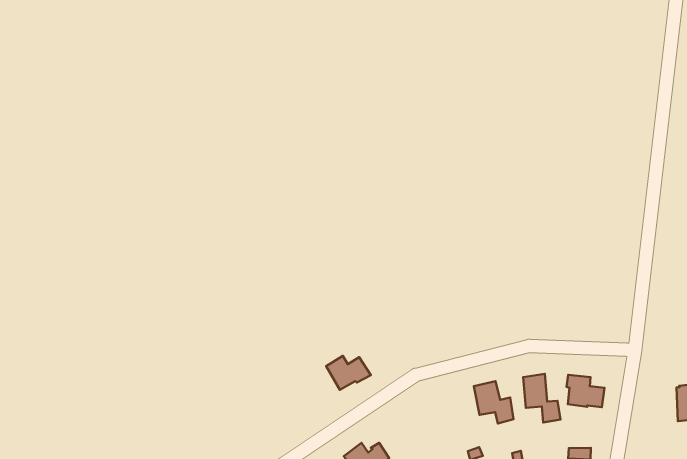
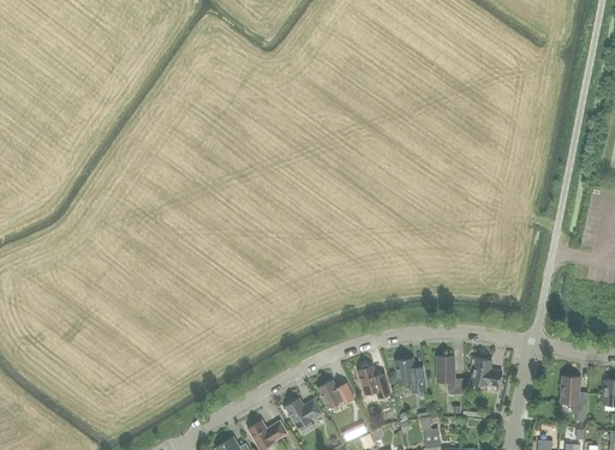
building: [326,356,371,390] -> [318,379,354,407]
building: none -> [357,364,390,397]

